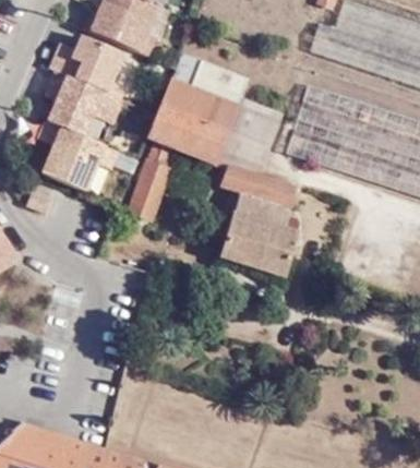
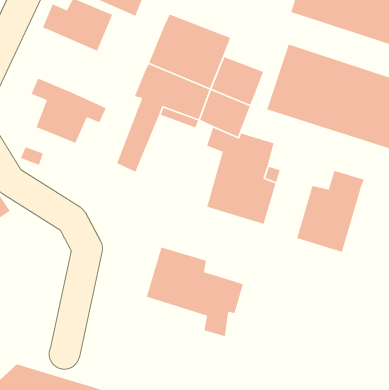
building: [44,70,122,136] -> none
building: none -> [296,170,365,253]
building: none -> [146,246,244,337]

